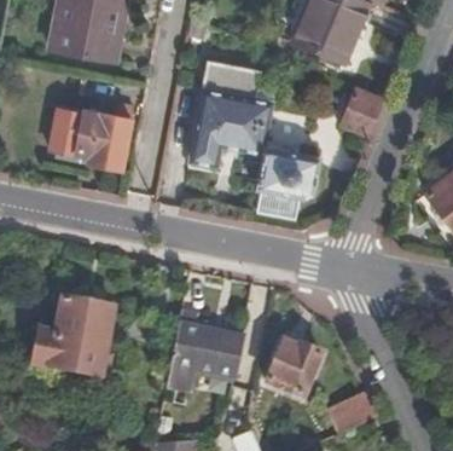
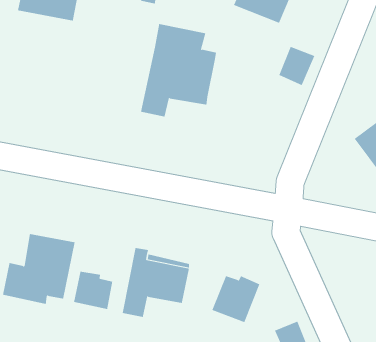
building: [52,98,137,166] -> none
building: [256,144,320,219] -> none
building: none -> [74,271,113,310]

